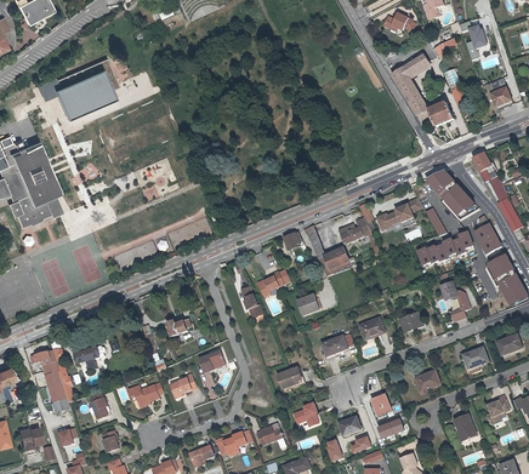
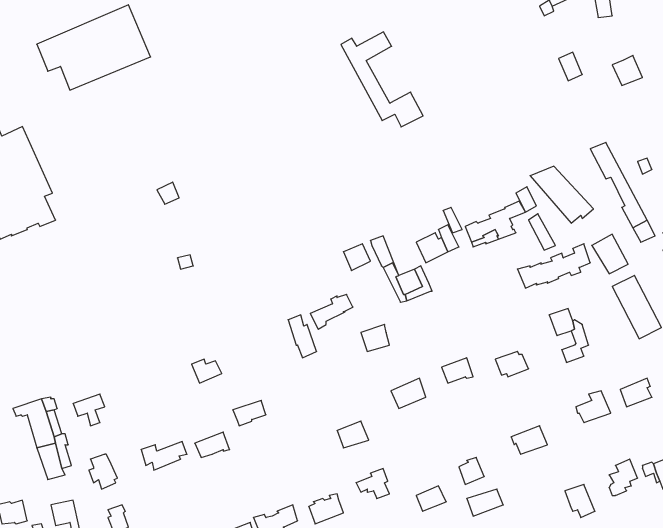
building: [388,56,451,129] -> [341,32,423,127]

